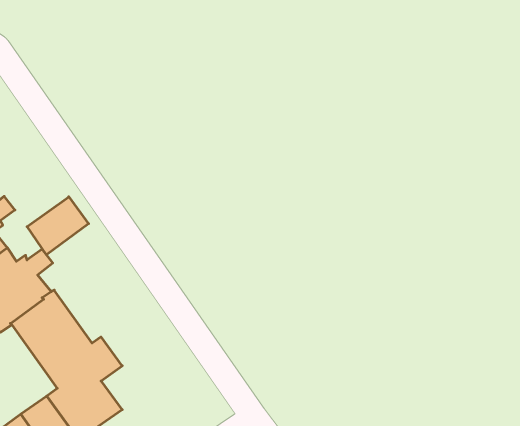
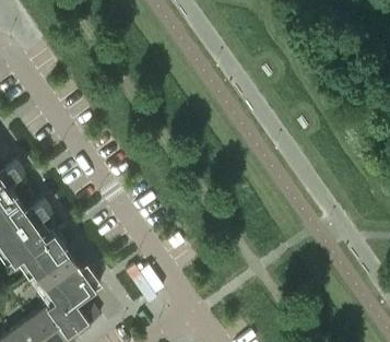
building: [27,197,89,255] -> none

